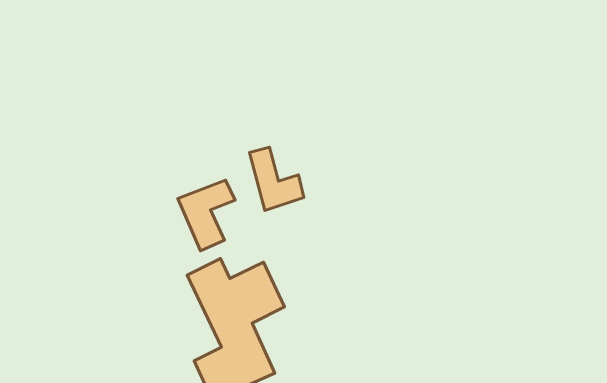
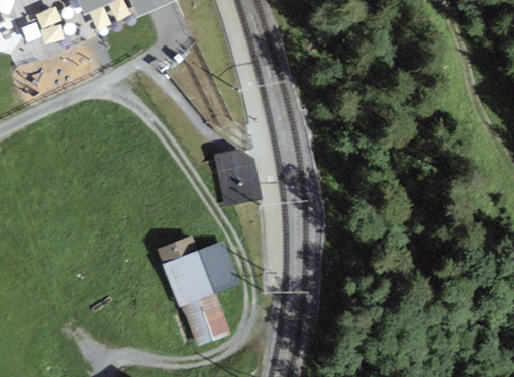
building: [178,180,235,251] -> none

